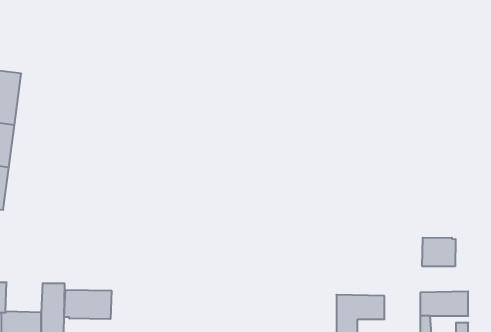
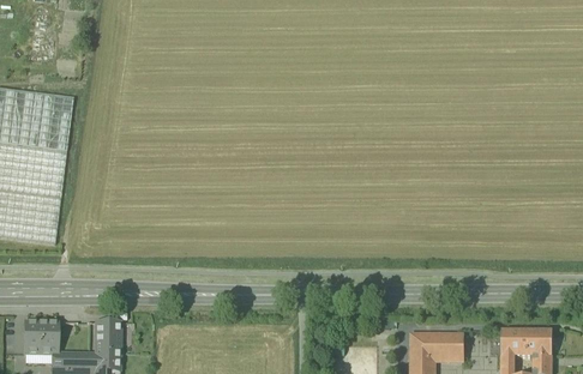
building: [422,238,456,266] -> none
building: [64,290,112,319] -> none

